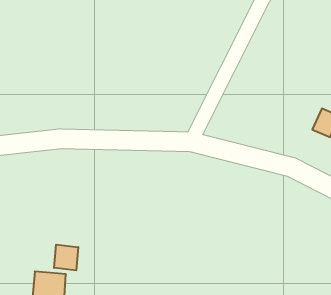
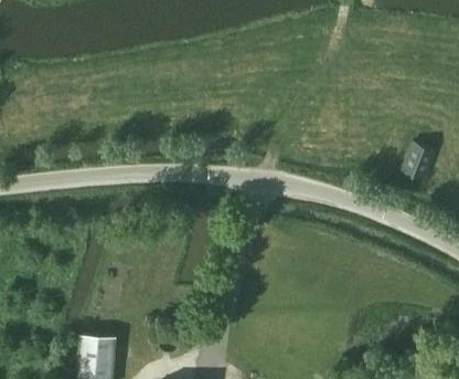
building: [54,245,78,270] -> none

